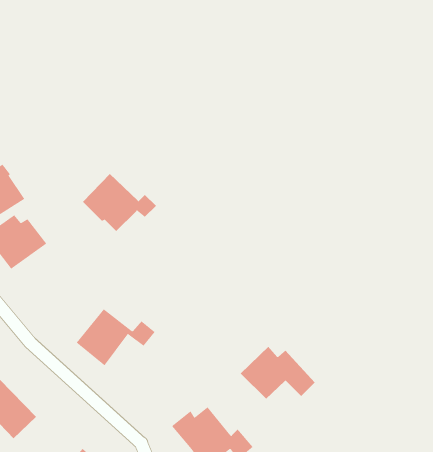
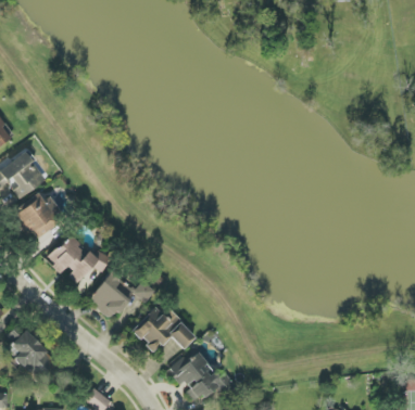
building: [82,173,157,232] -> [48,234,110,283]
building: [240,346,316,399] -> [133,307,196,351]

